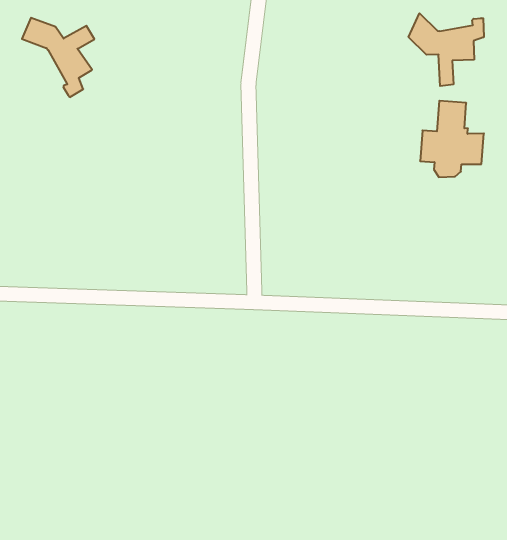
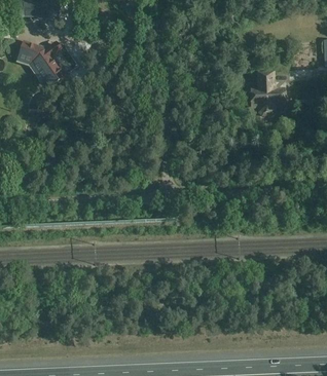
building: [409,13,484,86] -> none

